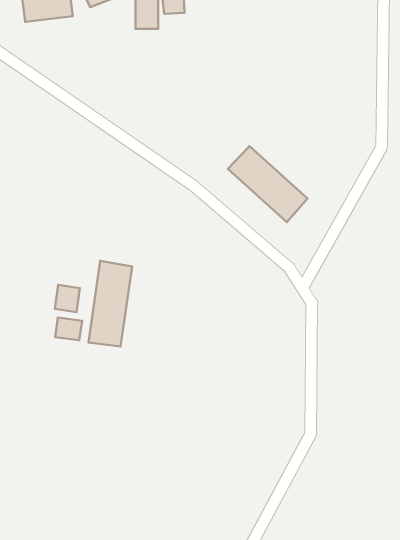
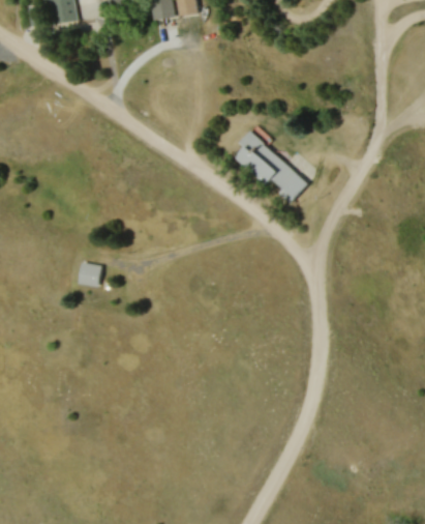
building: [88,261,132,346] -> none
building: [55,318,82,340] -> none

